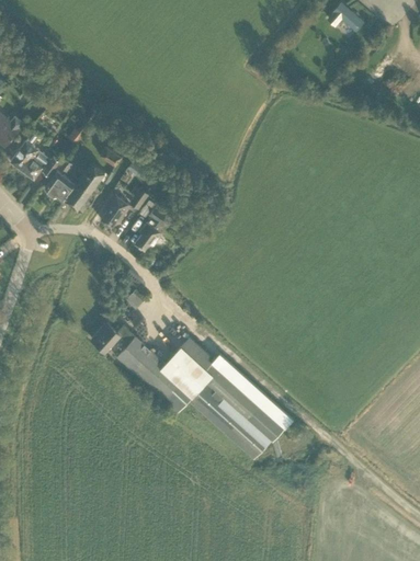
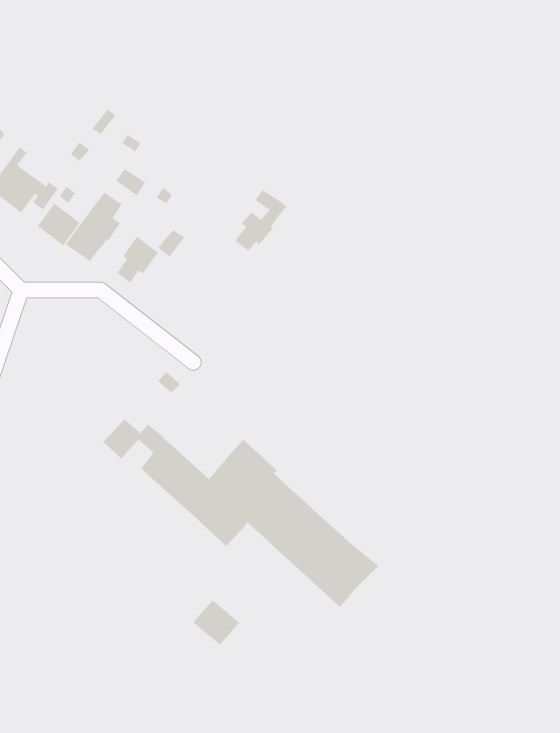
building: [134,207,171,251] -> [234,189,287,252]
building: none -> [192,599,240,646]

